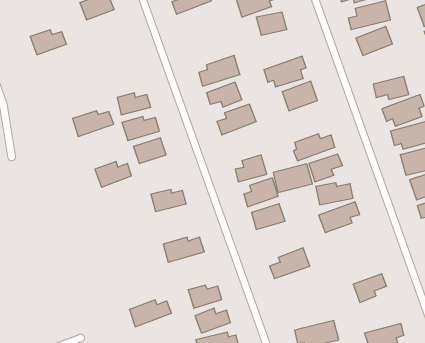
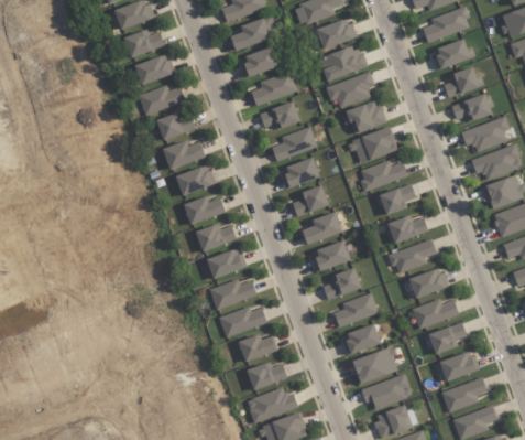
building: none -> [231,15,278,51]
building: [30,30,67,55] -> [123,30,165,58]
building: none -> [240,46,280,78]
building: none -> [319,46,367,79]
building: none -> [135,54,174,85]
building: none -> [444,66,480,98]
building: [72,111,114,137] -> [139,86,186,116]
building: none -> [282,159,319,187]
building: [95,161,131,187] -> [184,195,226,225]
building: [273,164,312,192] -> [351,129,396,162]
building: none -> [206,248,245,279]
building: none -> [322,268,362,300]
building: none -> [408,268,445,299]
building: none -> [412,299,459,330]
building: none -> [341,324,382,355]
building: none -> [351,347,398,385]
building: [129,300,172,327] -> [219,307,267,337]
building: none -> [440,353,474,380]

